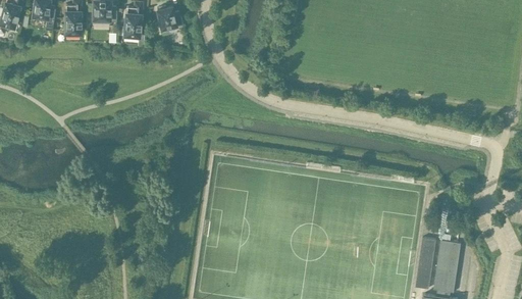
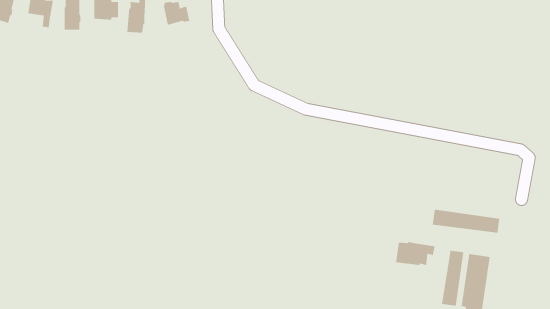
building: none -> [432,209,500,233]
building: none -> [396,241,435,266]

